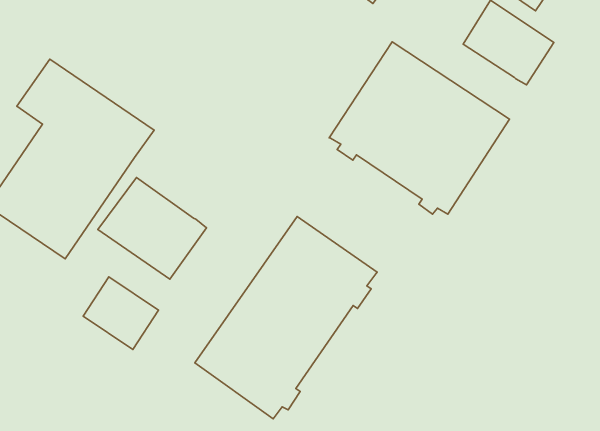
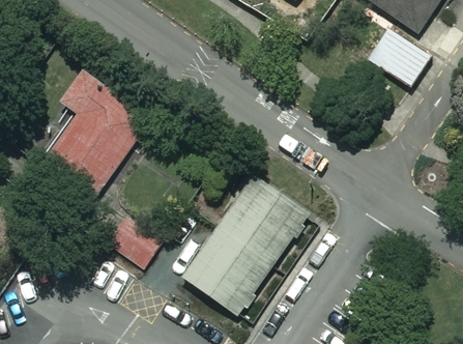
building: [329,42,509,214] -> none
building: [98,177,207,279] -> none

